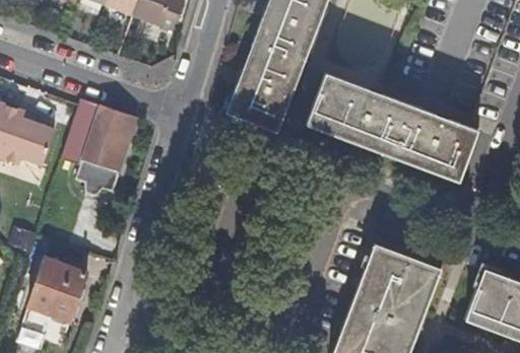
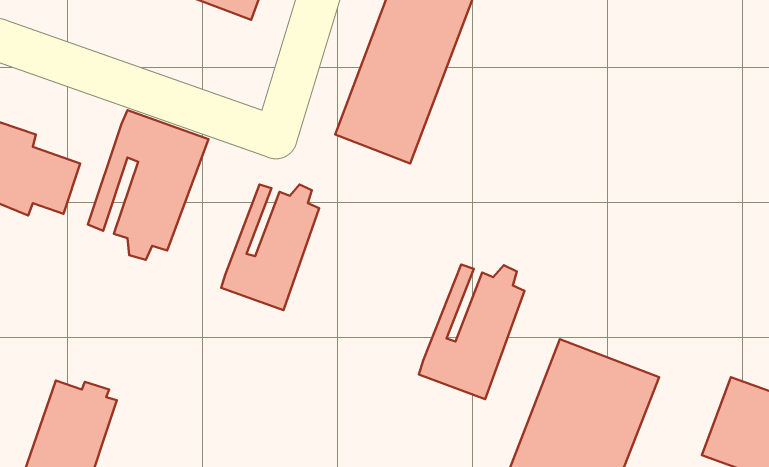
building: [308,69,479,178] -> none
building: none -> [221,184,319,310]
building: none -> [419,265,525,399]

